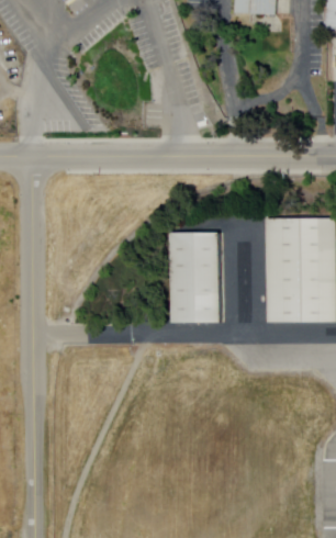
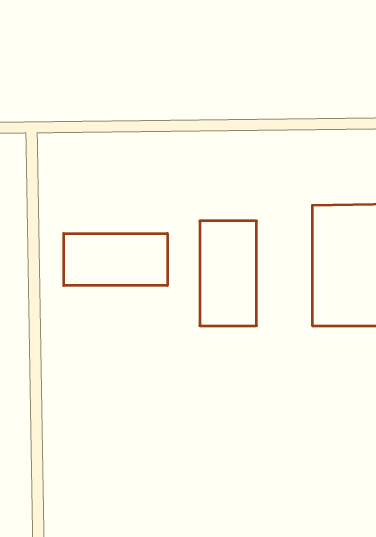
building: none -> [64,233,167,286]

